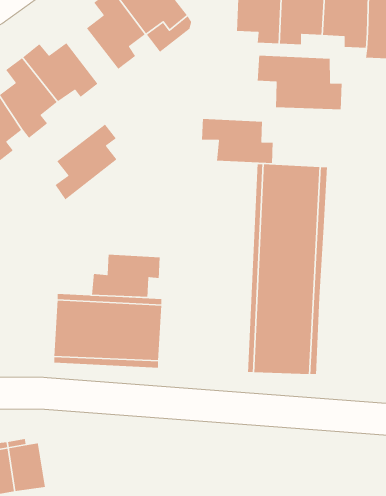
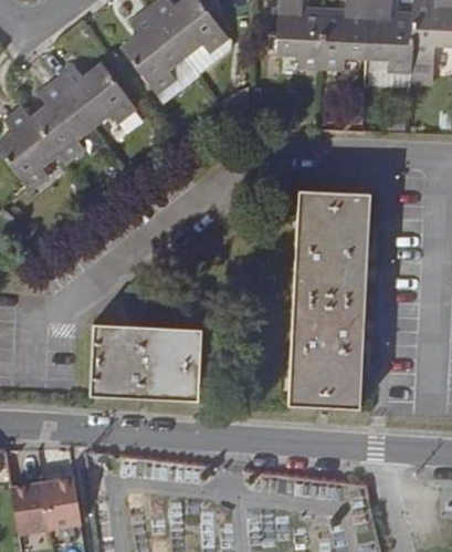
building: [257,55,342,110] -> none
building: [201,118,274,164] -> none
building: [55,124,117,200] -> none
building: [91,254,161,297] -> none

